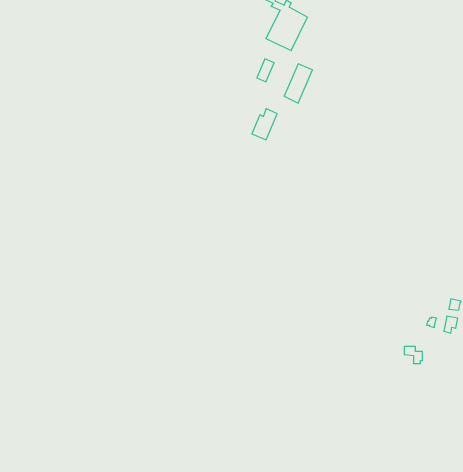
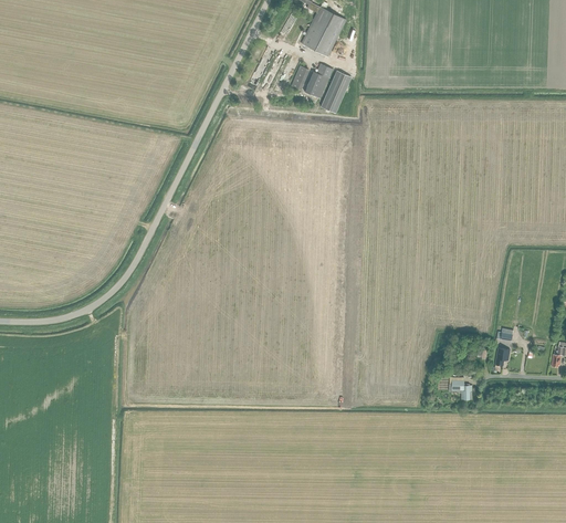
building: [252,109,277,140] -> [305,64,333,98]

